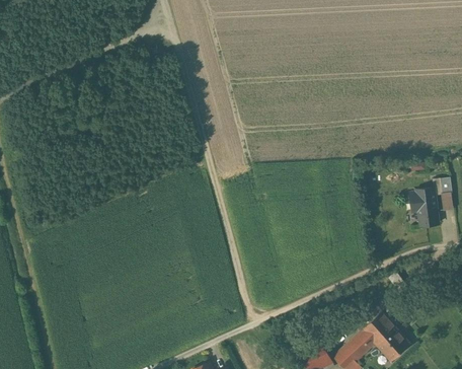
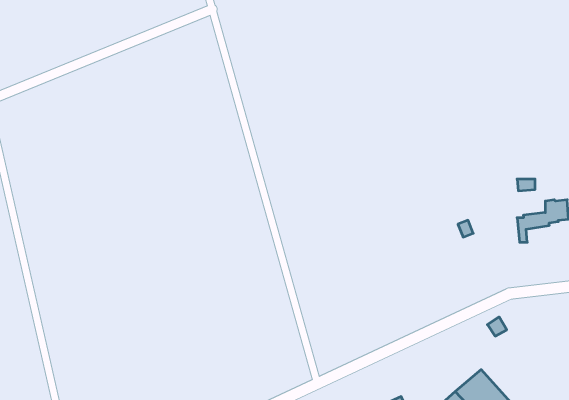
building: [417,198,439,226] -> none

